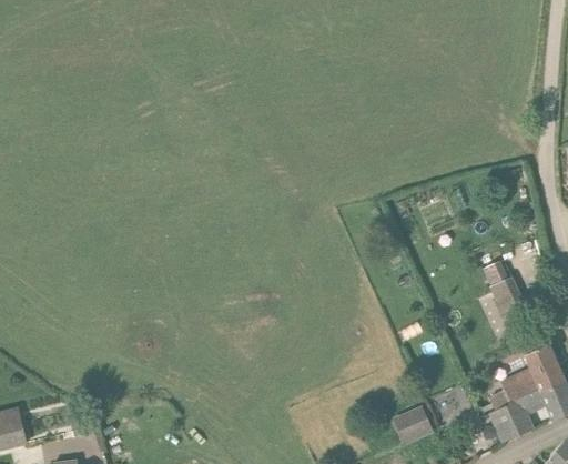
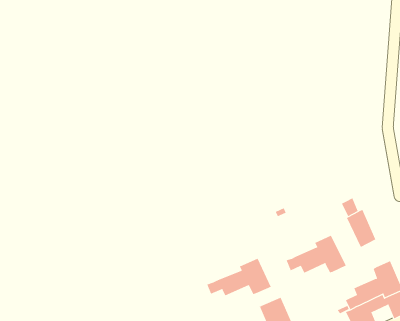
building: none -> [286,235,346,273]
building: none -> [207,258,271,296]

